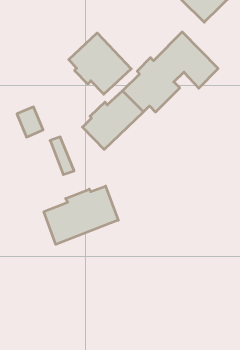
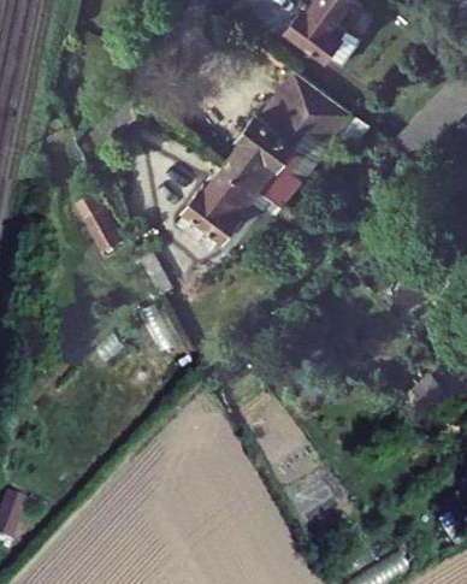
building: [69,33,131,94] -> none
building: [44,186,118,244] -> none

